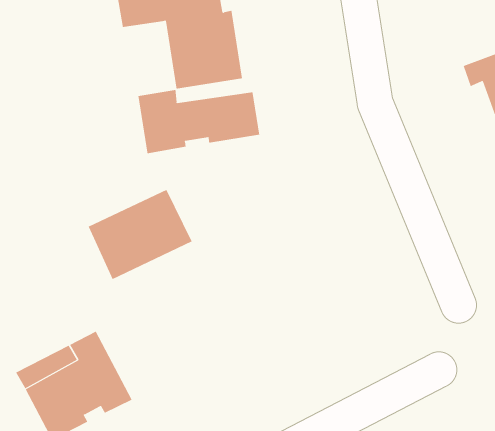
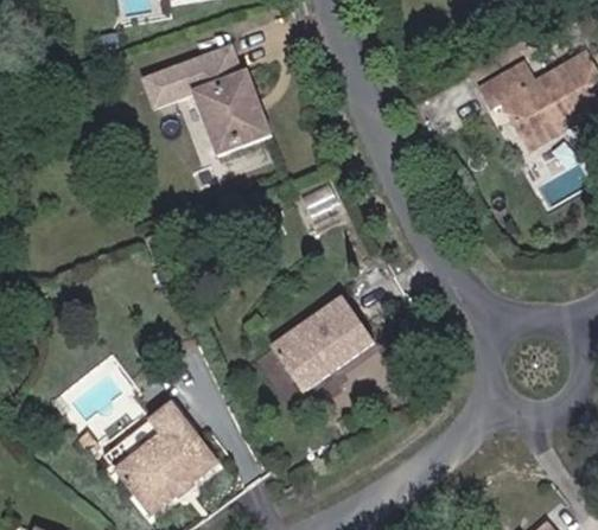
building: [138,89,260,154] -> none
building: [88,189,192,280] -> [272,298,375,394]

